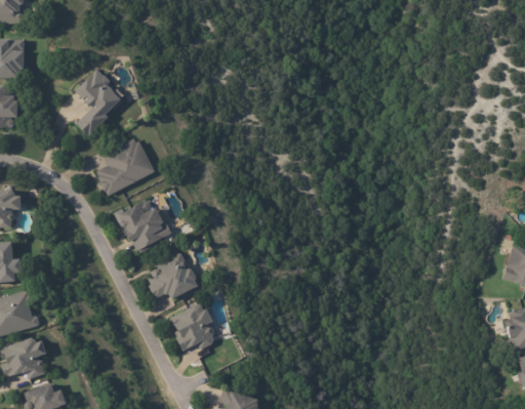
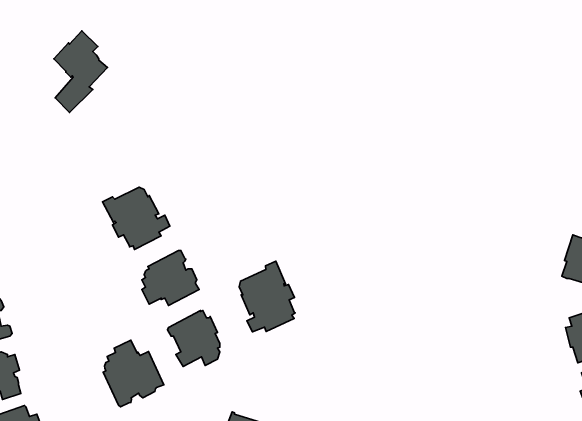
building: [96,138,153,195] -> none
building: none -> [239,261,295,332]
building: none -> [103,340,164,407]

